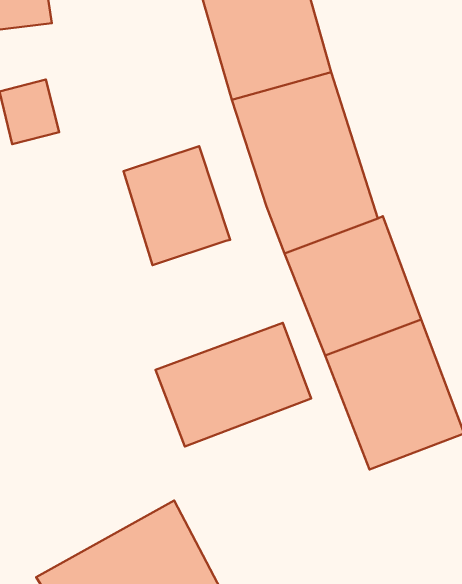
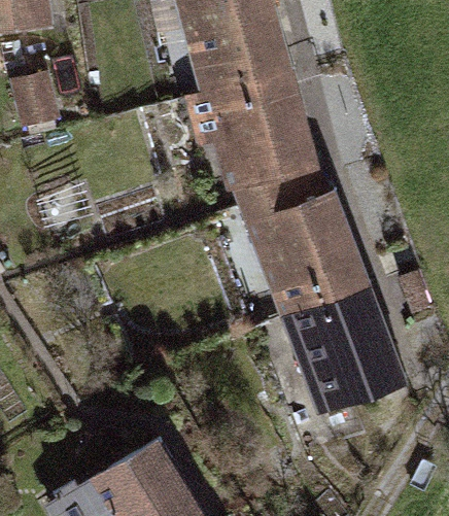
building: [124,146,230,265] -> none
building: [156,323,311,446] -> none

